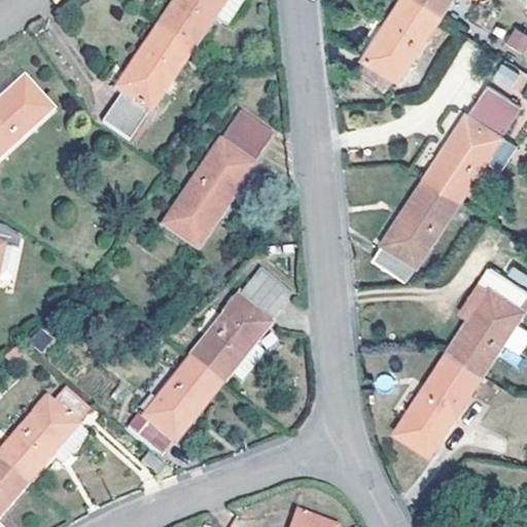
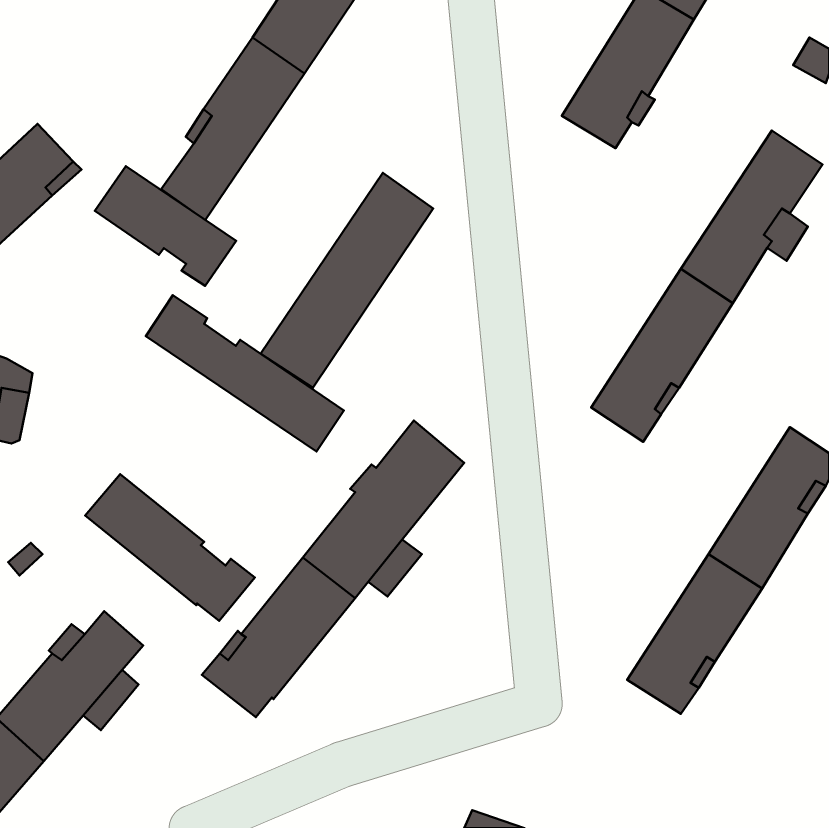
building: none -> [95,166,236,286]
building: none -> [146,295,344,452]
building: none -> [85,474,255,621]

